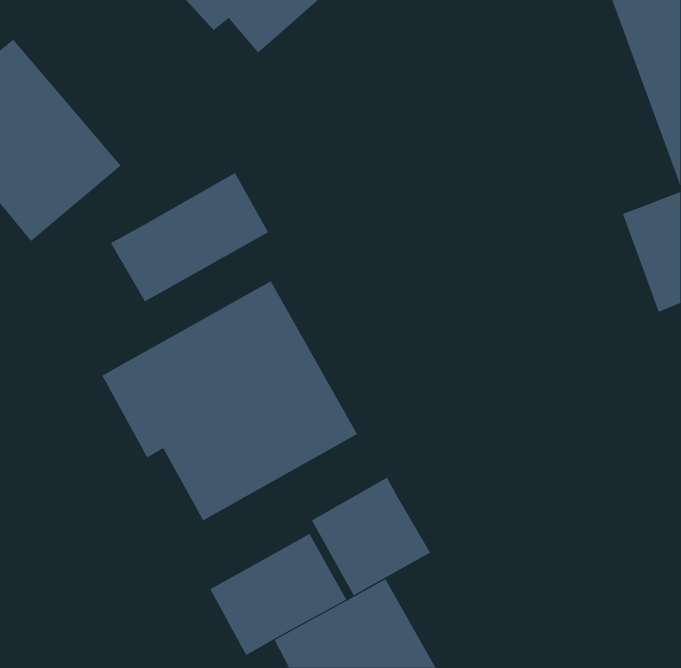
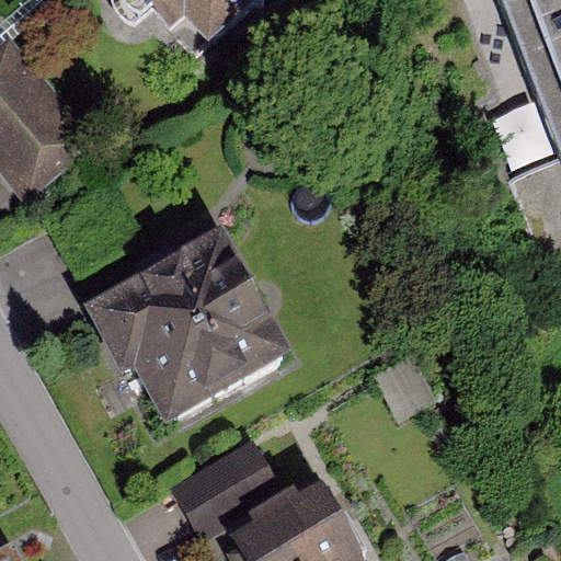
building: [110,172,269,302] -> none
building: [311,477,431,596] -> none

